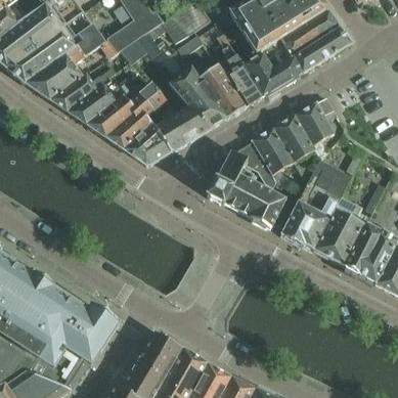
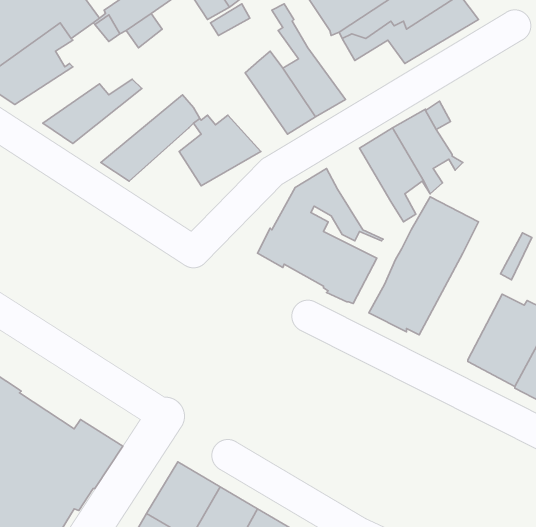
building: [239,51,303,96] -> none
building: [48,67,116,112] -> none
building: [168,71,226,130] -> none
building: [86,80,158,137] -> none
building: [123,112,170,166] -> none
building: [252,128,294,187] -> none
building: [312,196,369,266] -> none

